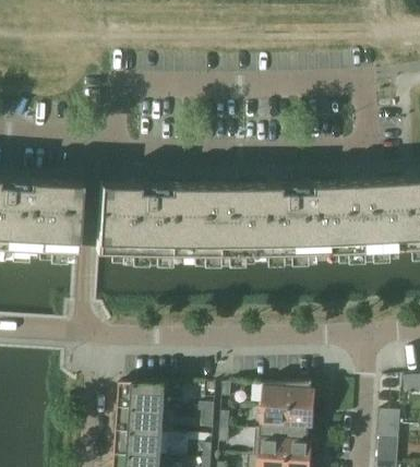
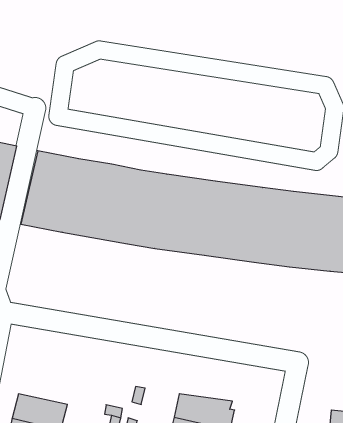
building: [119,384,166,410] -> none

